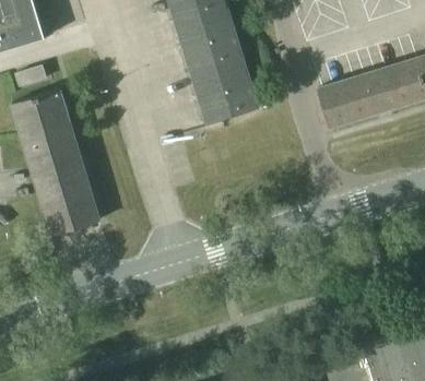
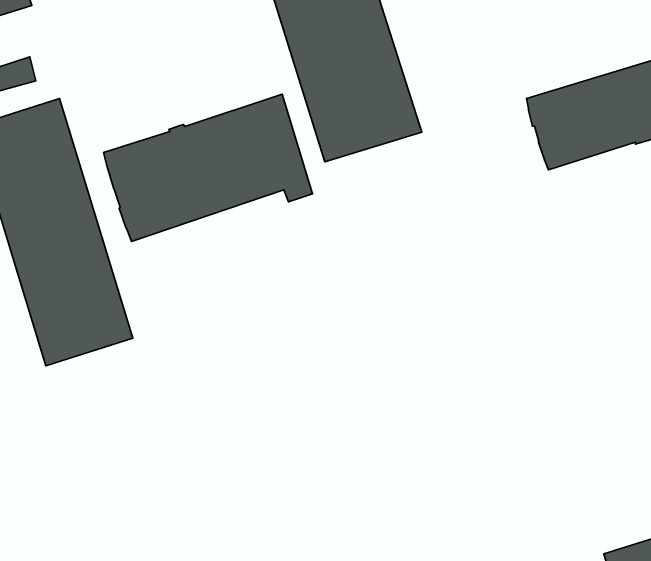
building: none -> [103,94,312,241]

